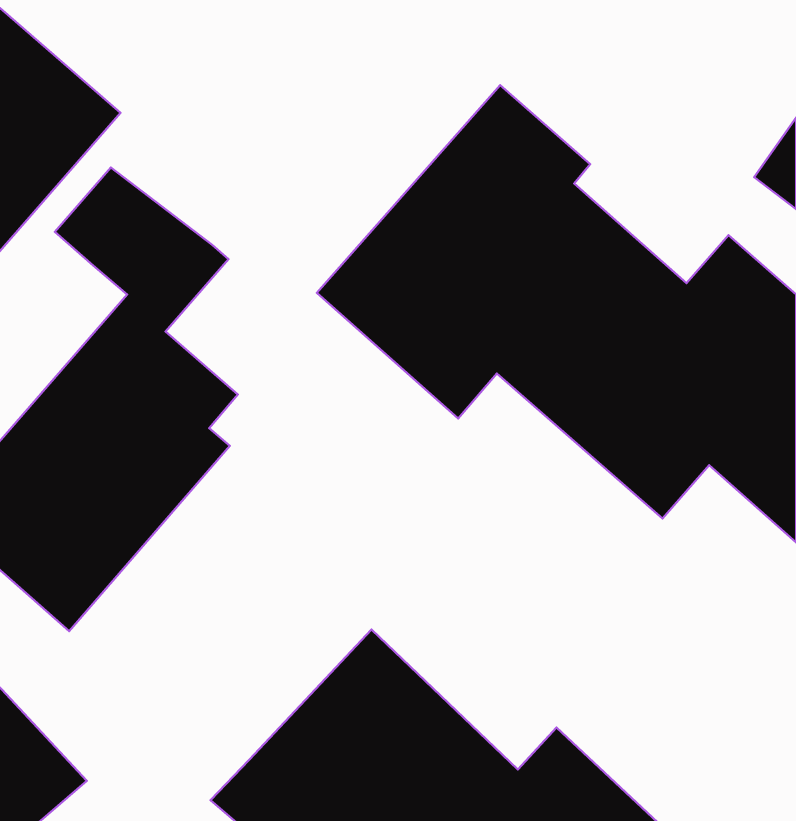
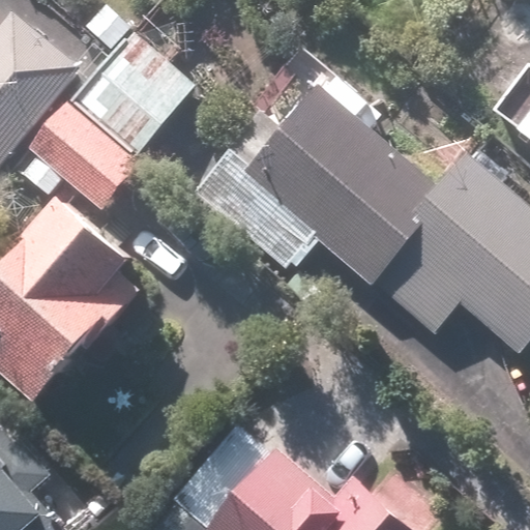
building: none -> [71,33,200,158]

